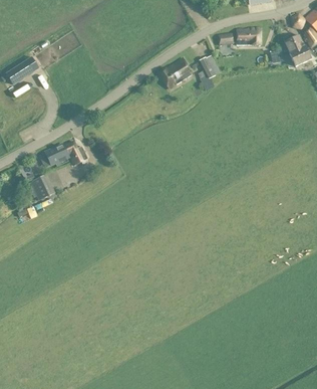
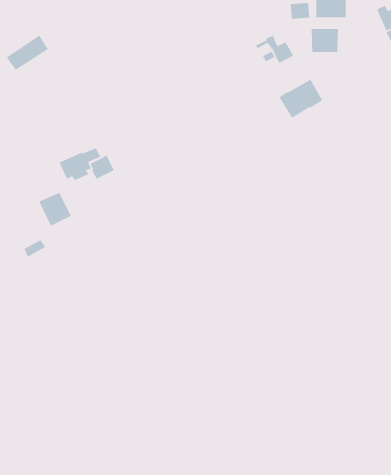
building: none -> [311,28,339,53]
building: [160,57,193,87] -> [278,78,323,119]

